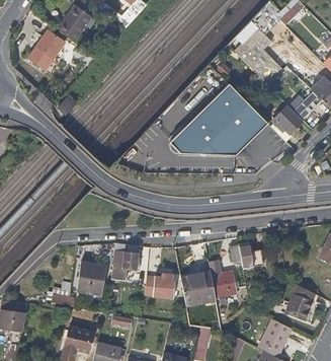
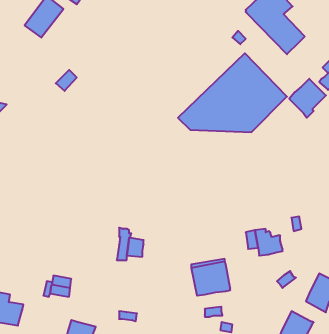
building: [78,265,105,293] -> none
building: [144,270,174,297] -> none
building: [212,272,236,297] -> none

